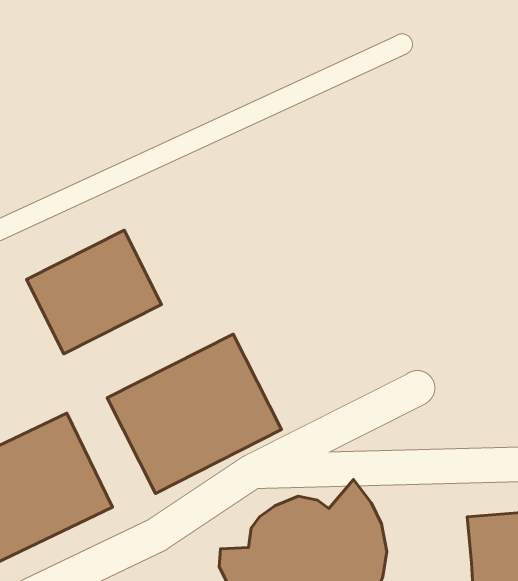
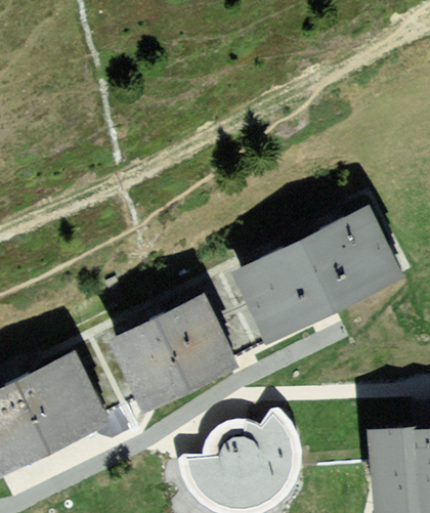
building: none -> [231,208,399,341]
building: [26,230,161,354] -> none

